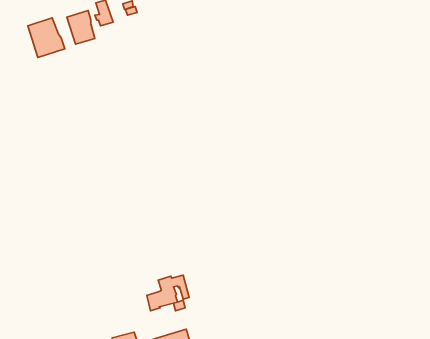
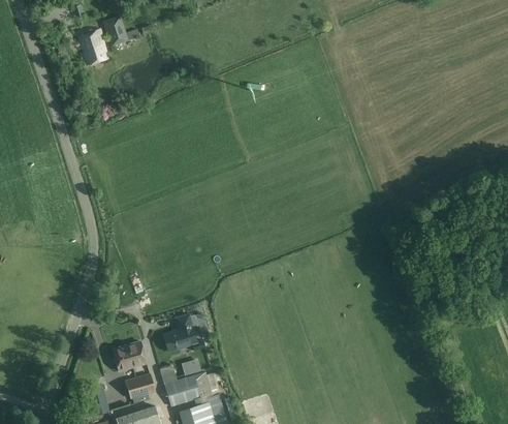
building: [28,18,65,58] -> none
building: none -> [113,340,147,370]

